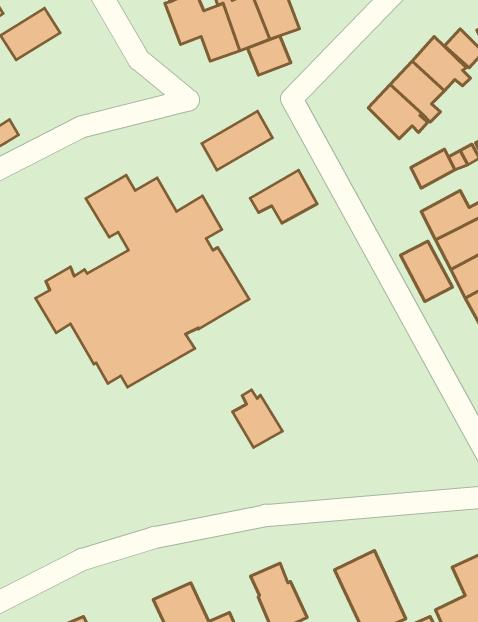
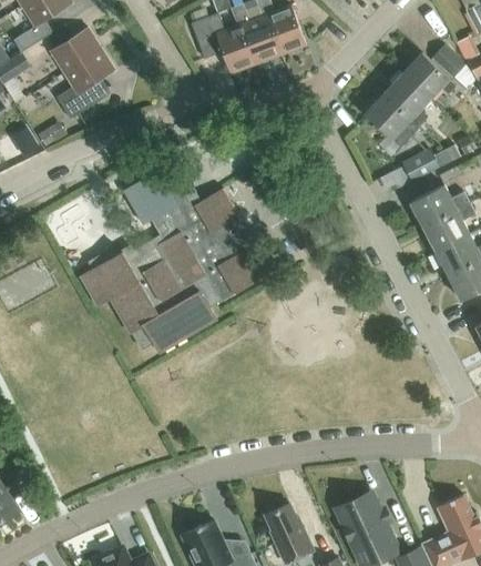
building: none -> [57,49,114,119]
building: [247,36,291,75] -> none
building: [202,111,272,170] -> none
building: [250,170,317,223] -> none
building: [400,241,452,301] -> none
building: [233,390,283,448] -> none

